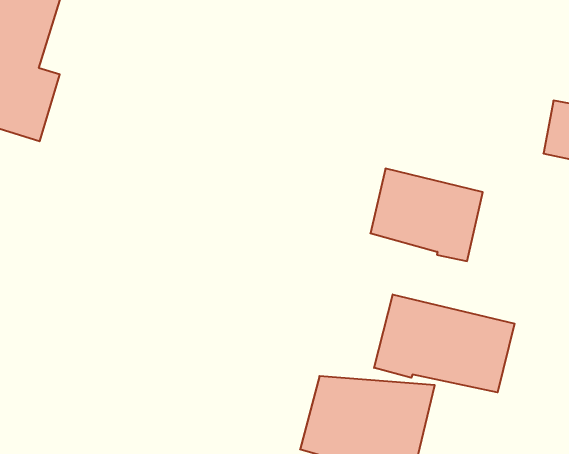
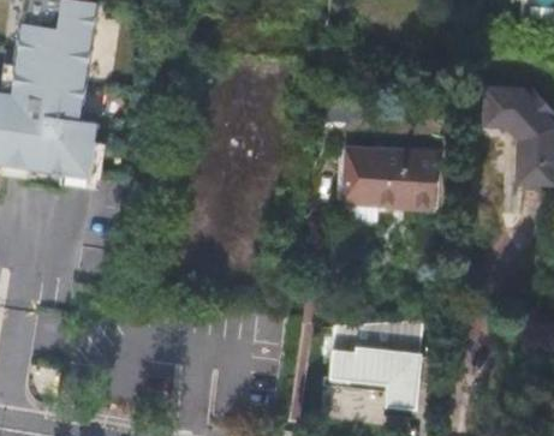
building: [374,294,515,392] -> none

